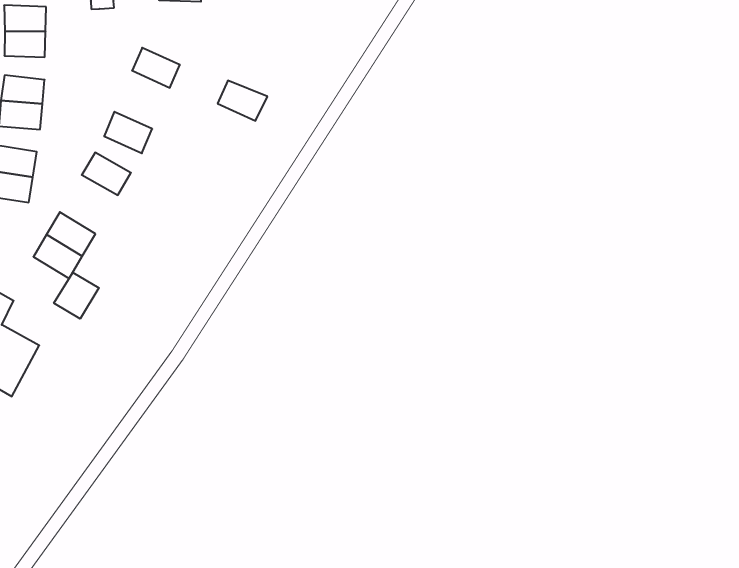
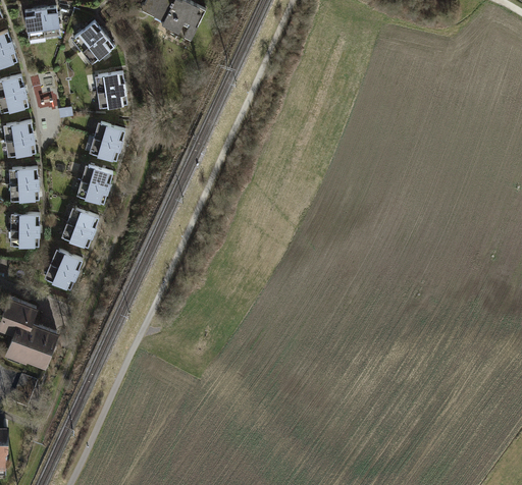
building: [218,81,267,121] -> [94,122,124,145]
building: none -> [83,165,112,187]
building: none -> [63,223,93,248]
building: [54,272,99,319] -> none

